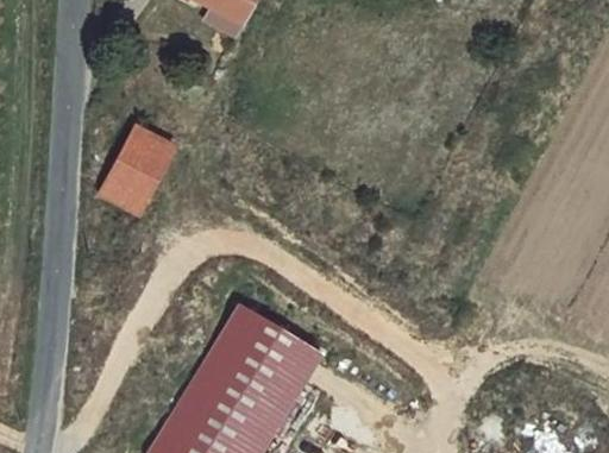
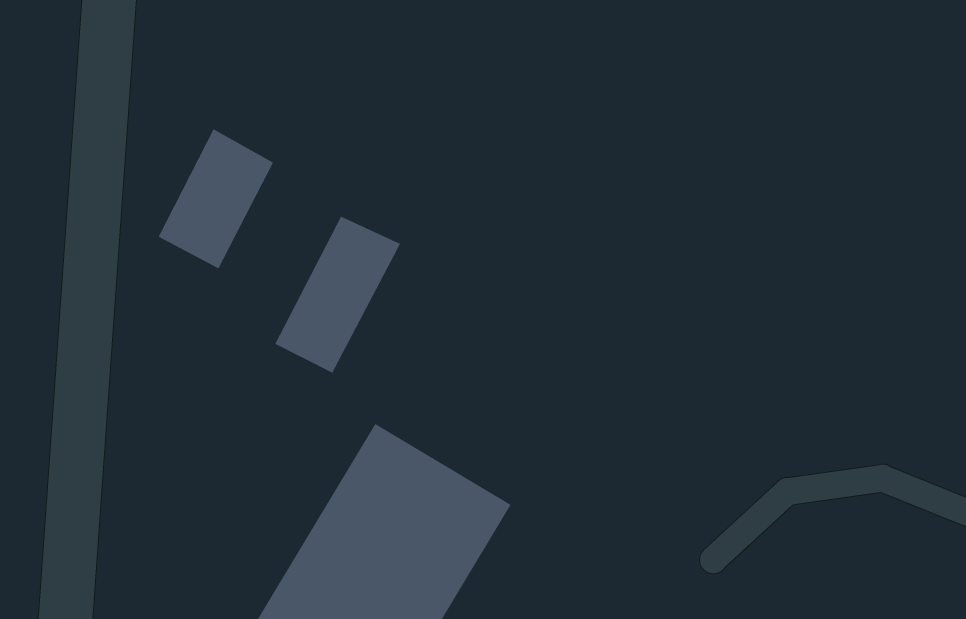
building: none -> [274,216,401,373]

